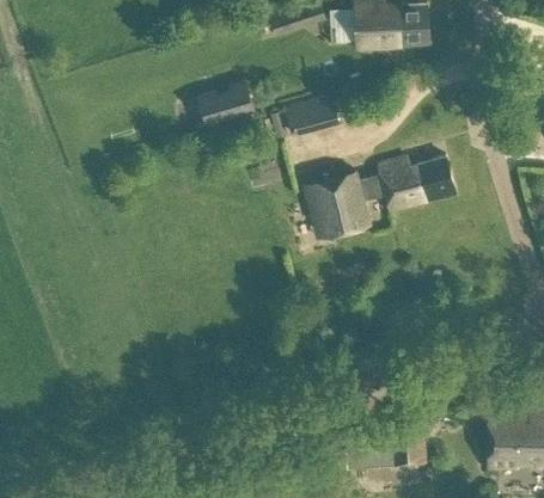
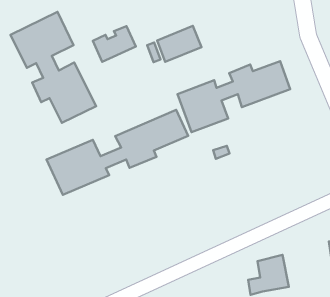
building: none -> [11,12,96,123]
building: none -> [47,110,188,195]

